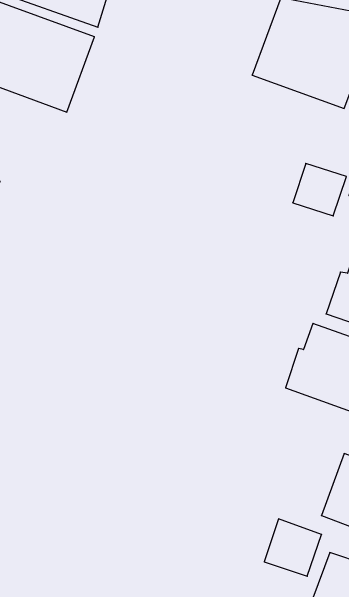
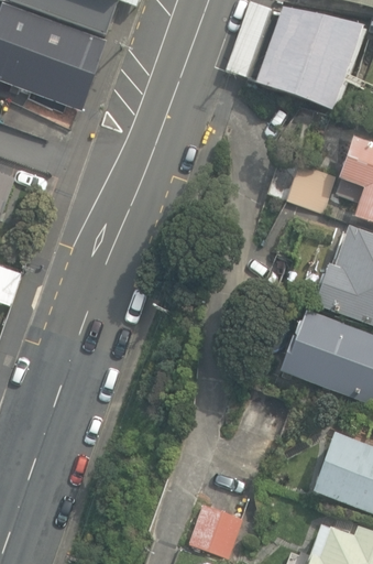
building: [264,519,322,576] -> [188,501,241,554]

